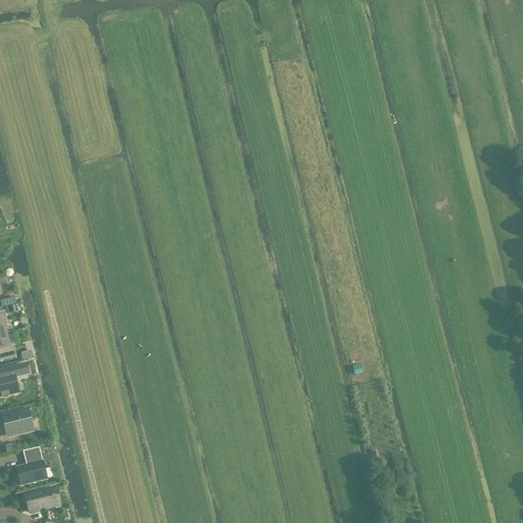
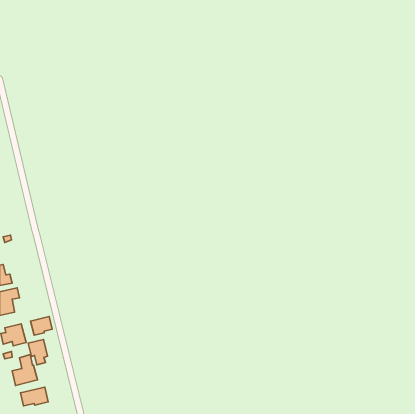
building: none -> [31,317,52,335]
building: none -> [28,339,48,365]

